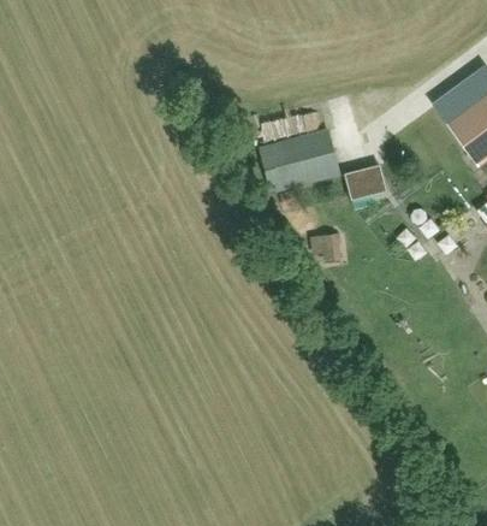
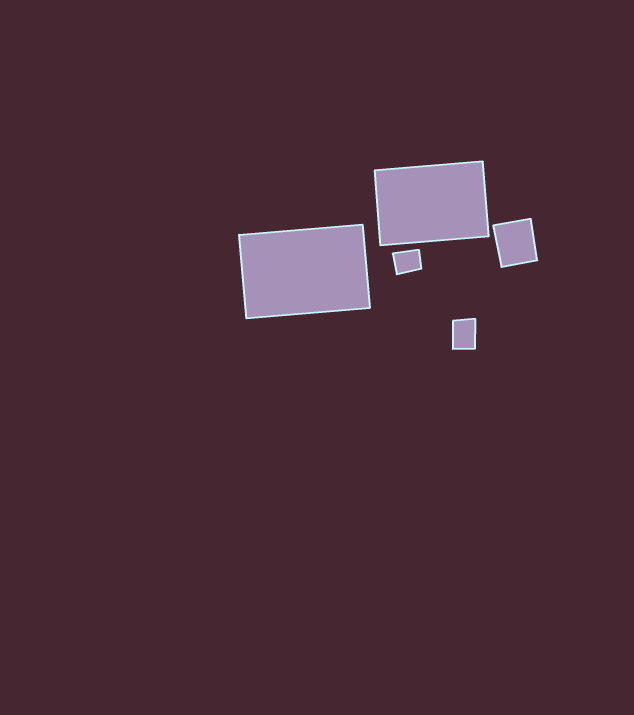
building: none -> [239,225,370,318]

